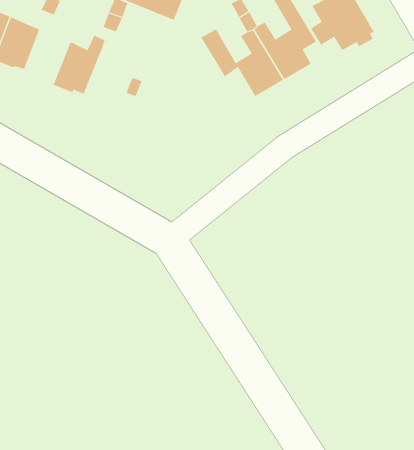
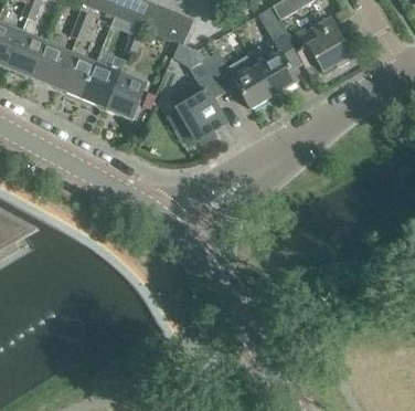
building: none -> [56,52,95,98]
building: none -> [170,59,226,144]
building: none -> [106,72,146,119]

